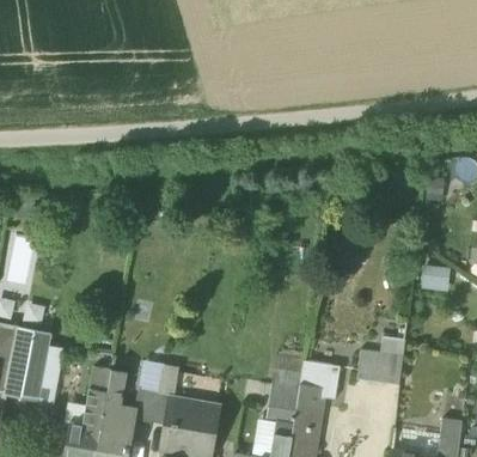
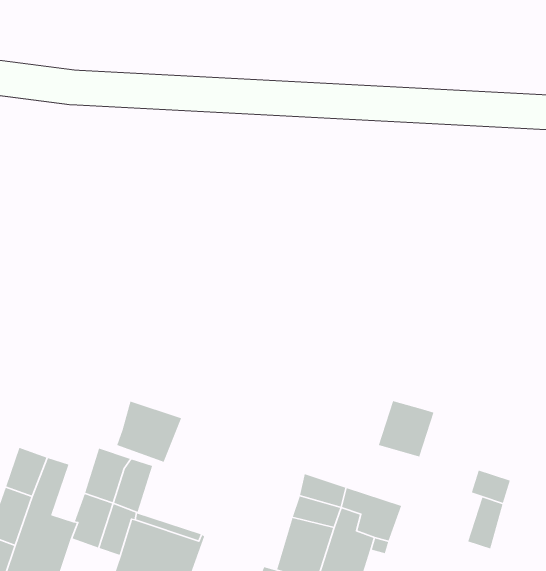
building: none -> [116,401,182,463]
building: [356,351,389,384] -> [378,400,434,458]

